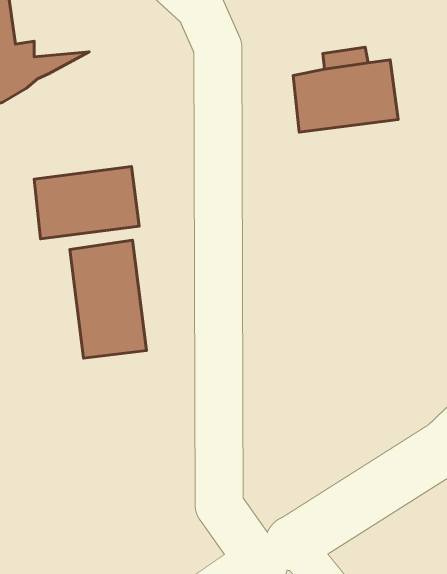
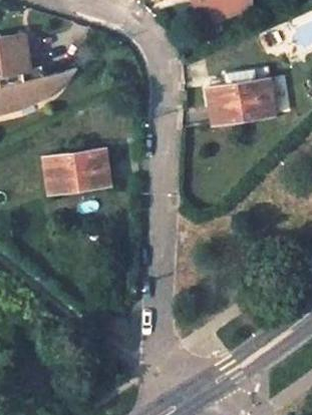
building: [70,240,147,358] -> none

